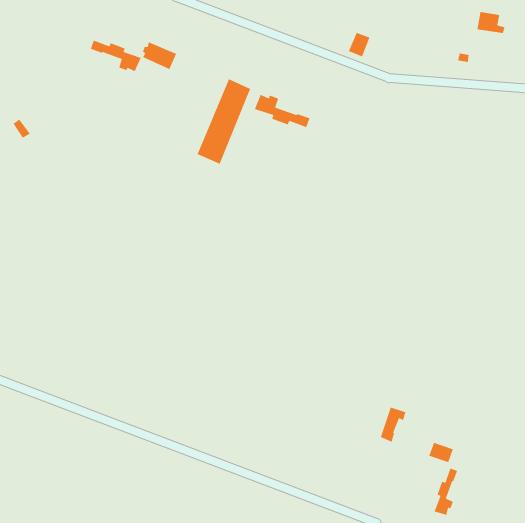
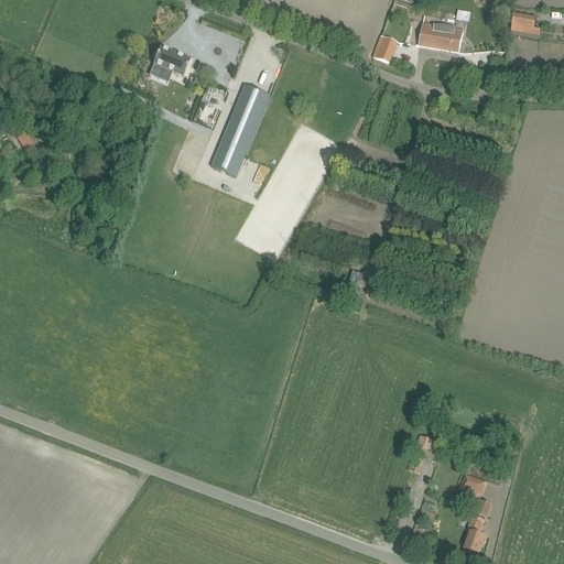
building: none -> [417,22,462,51]
building: [90,40,142,72] -> none
building: [254,94,310,128] -> none

